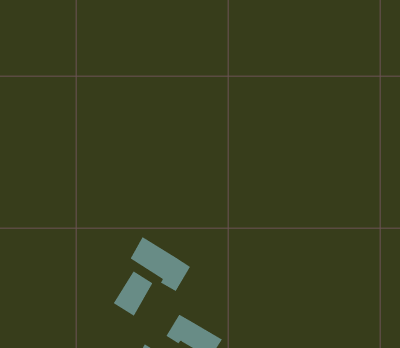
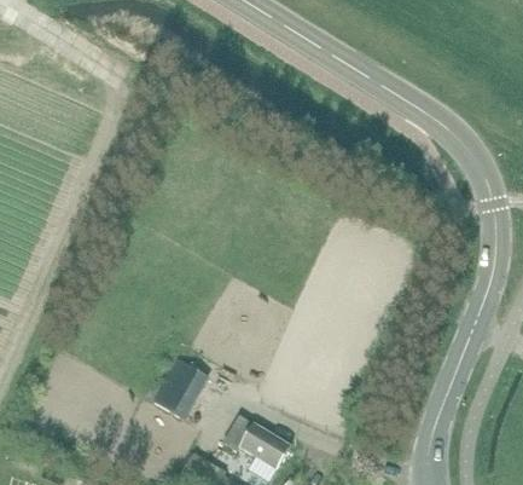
building: [130,236,191,292] -> none

